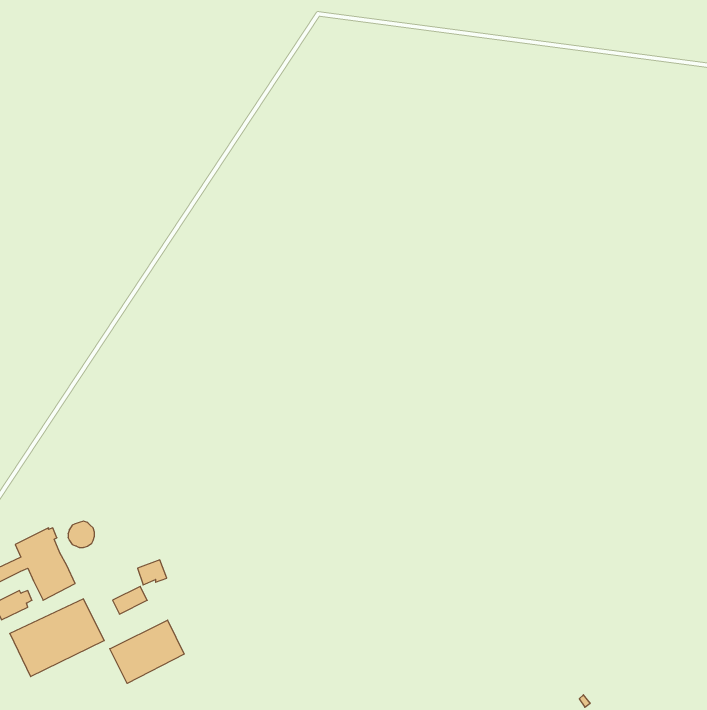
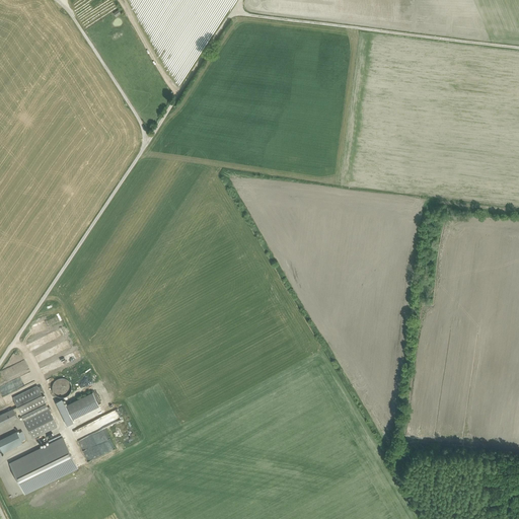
building: none -> [64,391,97,419]
building: [110,620,184,683] -> none

